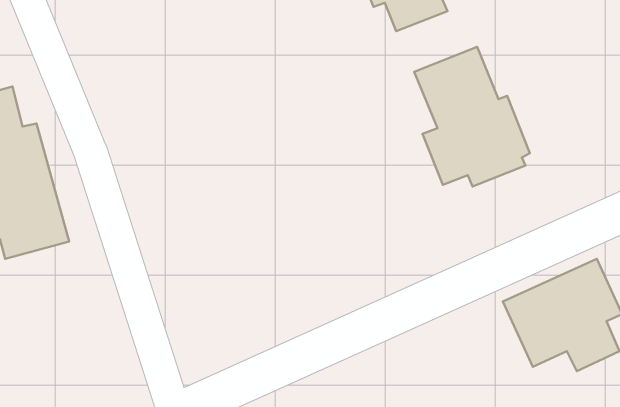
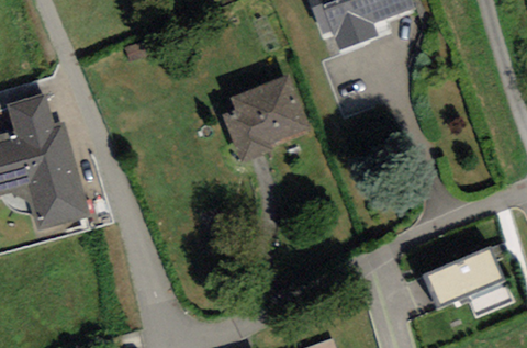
building: [414,47,530,187] -> none
building: none -> [225,77,305,159]

